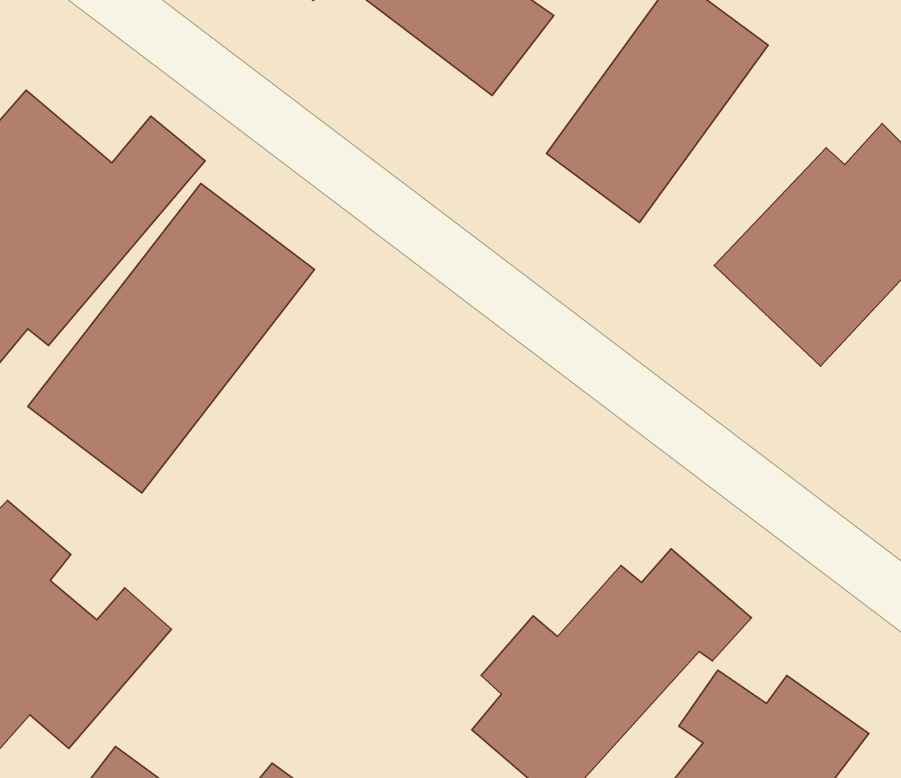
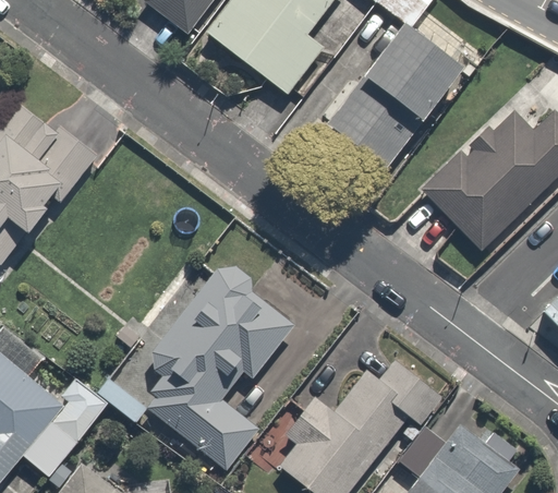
building: [28,183,314,493] -> none
building: none -> [137,268,288,471]

